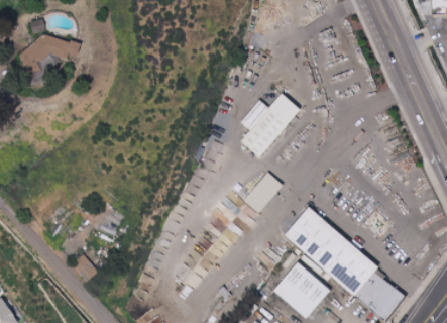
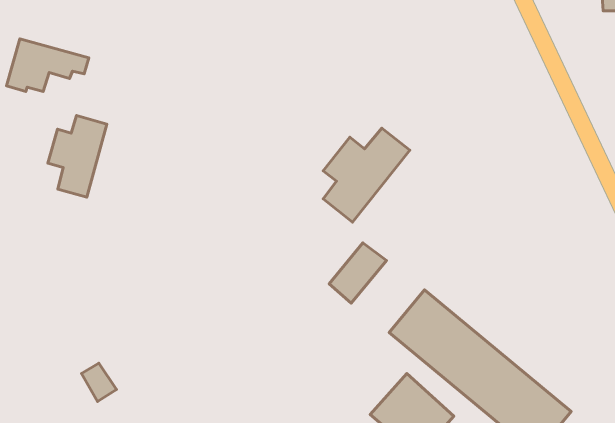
building: none -> [48,116,107,197]

